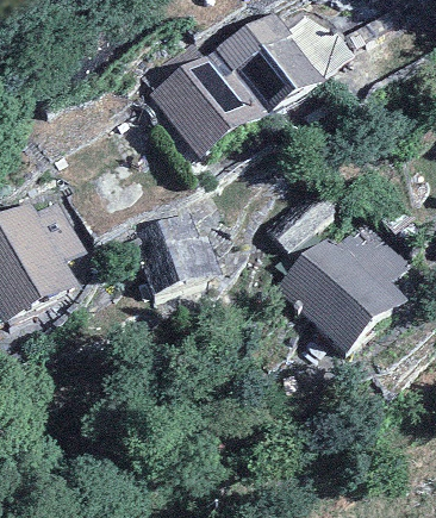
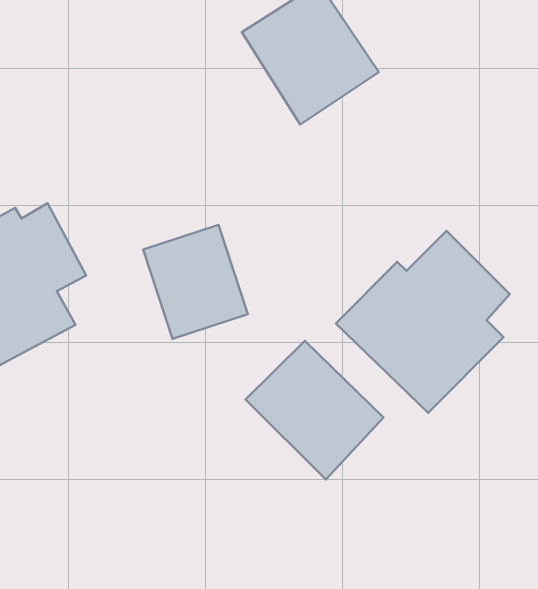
building: [139,56,249,168] -> none
building: none -> [246,341,383,480]

